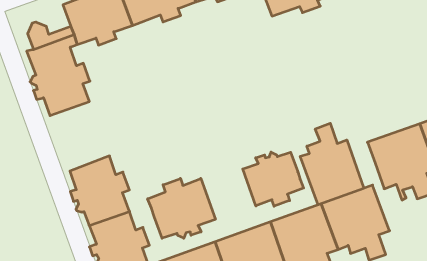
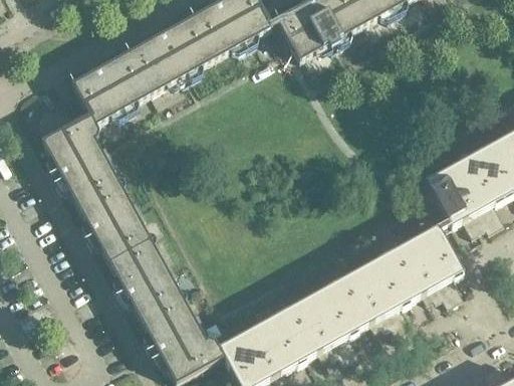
building: none -> [78,183,150,261]
building: [300,123,364,205] -> none
building: [243,152,304,206] -> none
building: [148,178,215,238] -> none

